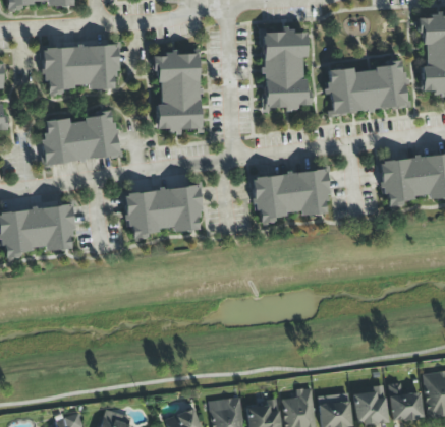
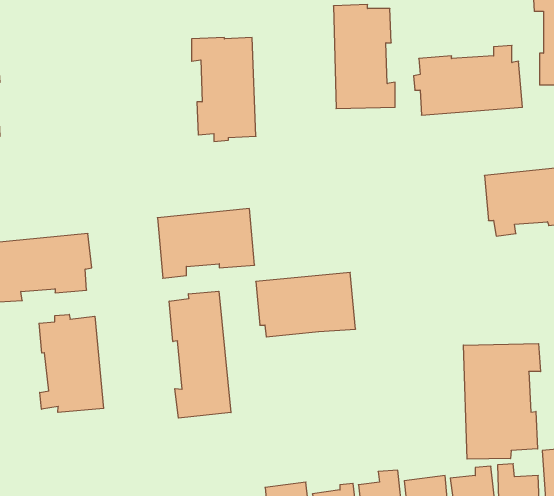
building: [43,46,119,89] -> none
building: [42,114,119,165] -> none
building: [253,170,330,220] -> [256,272,356,337]
building: none -> [169,291,231,418]
building: none -> [39,314,104,412]
building: none -> [463,344,541,459]

